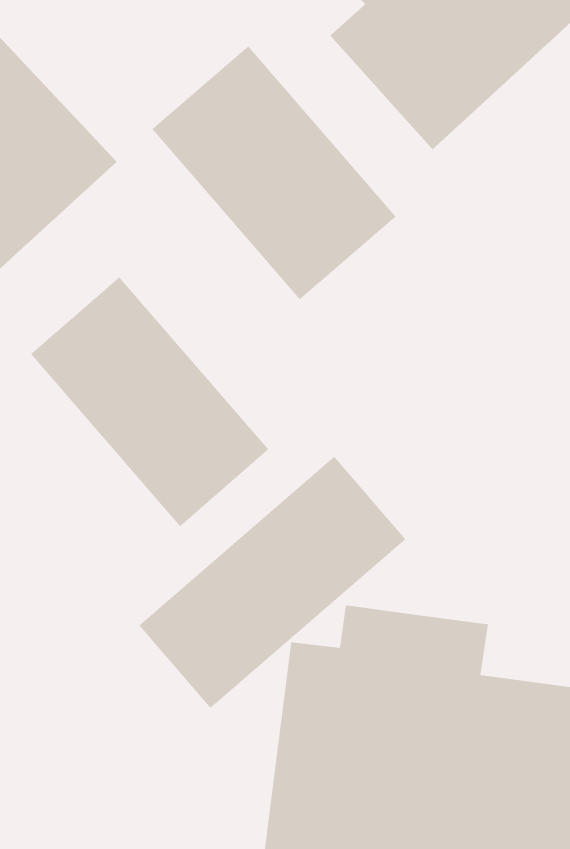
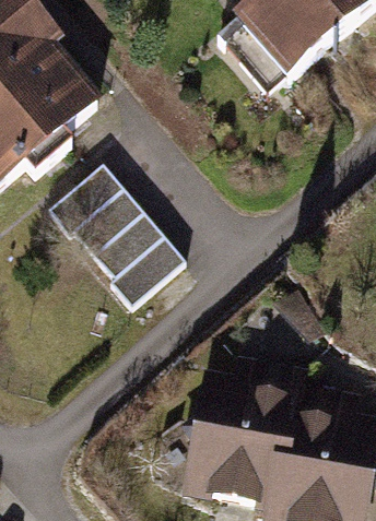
building: [152,45,397,300] -> none
building: [138,456,406,709] -> none

